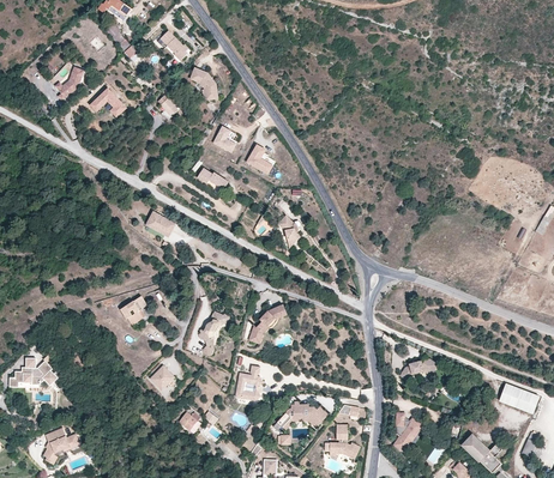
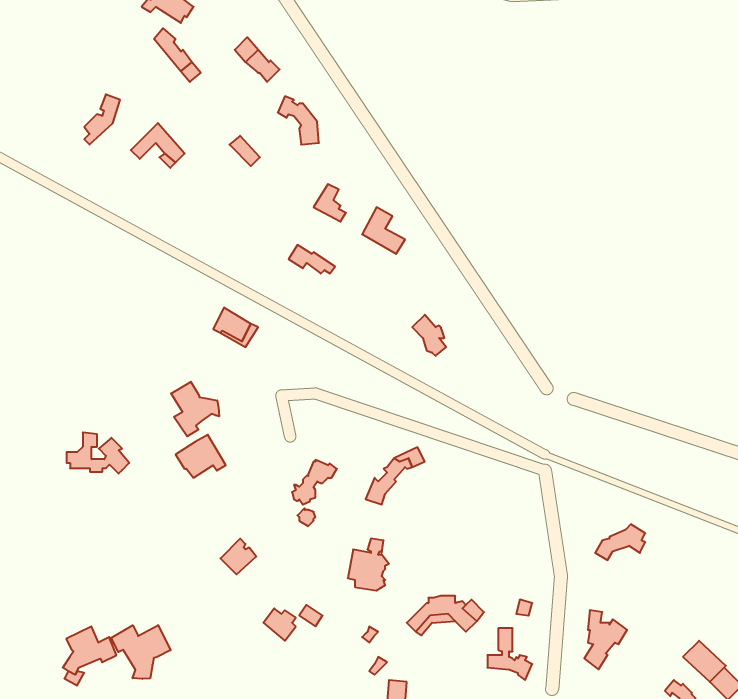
building: none -> [171,382,219,436]
building: [16,356,58,383] -> [67,432,129,474]
building: none -> [111,625,171,679]

